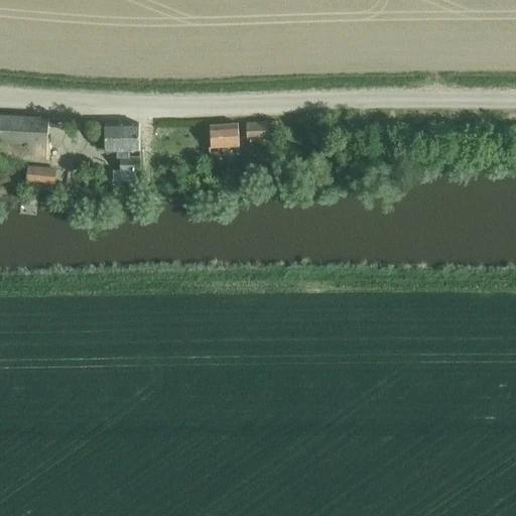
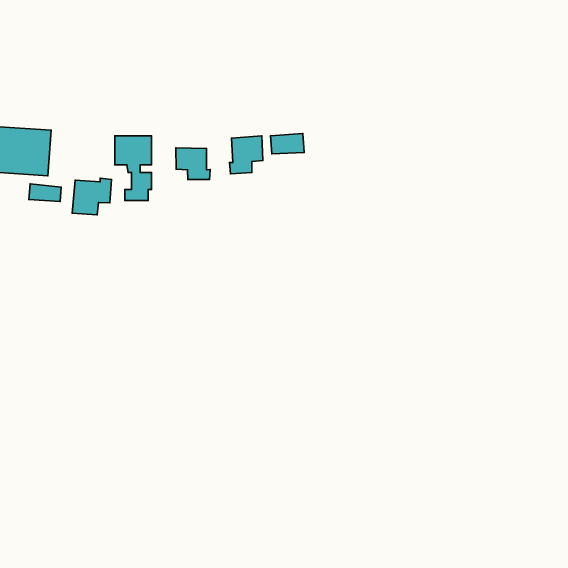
building: none -> [176,148,210,179]
building: none -> [72,178,111,215]

